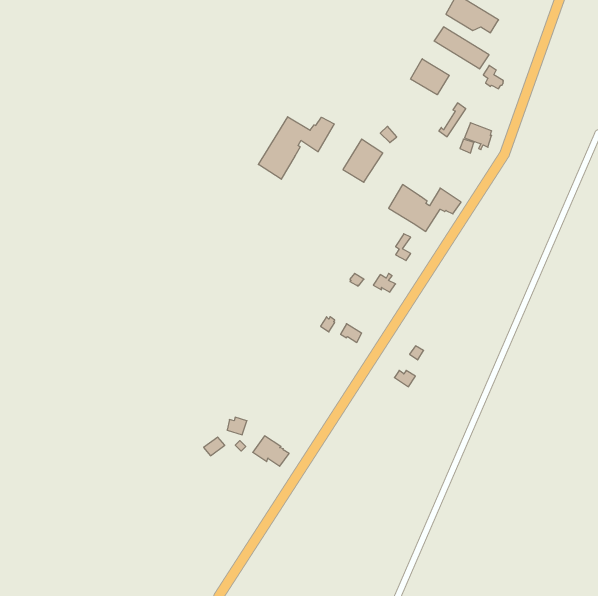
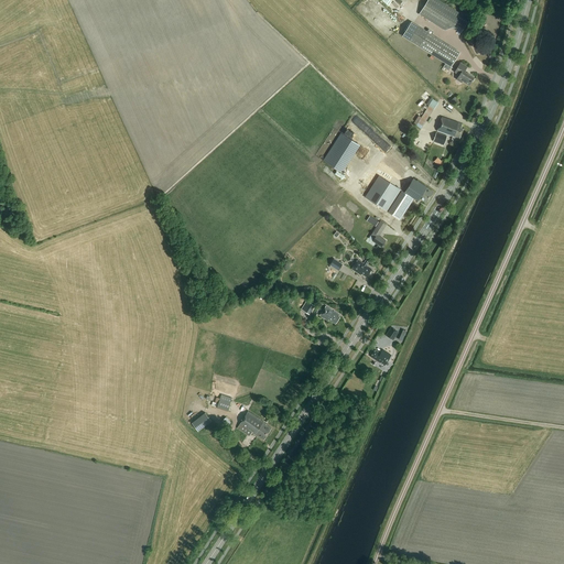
building: [411,59,449,95] -> none
building: [258,117,334,179] -> none

